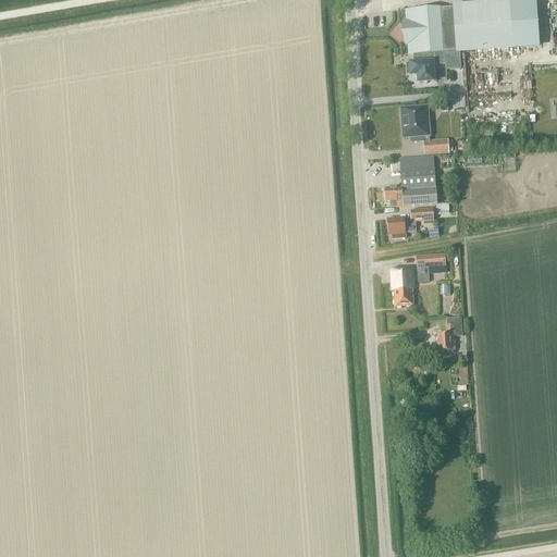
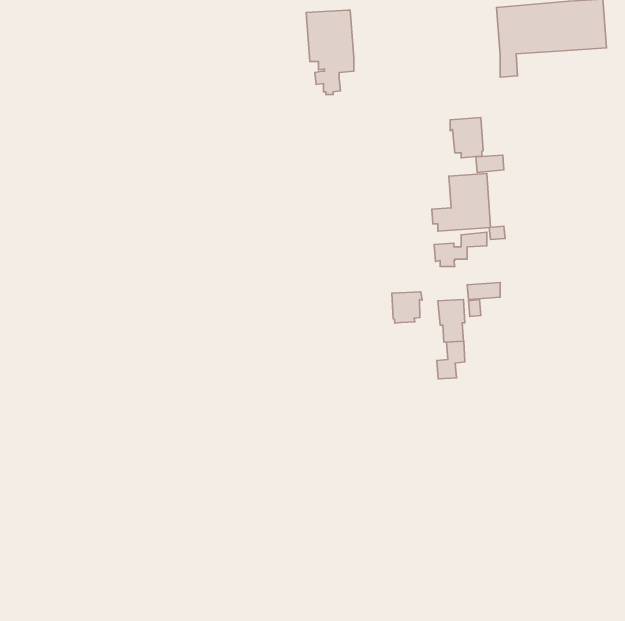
building: [403,7,445,82] -> [306,10,354,94]
building: none -> [392,292,422,323]
building: [437,315,462,349] -> [437,341,465,379]

